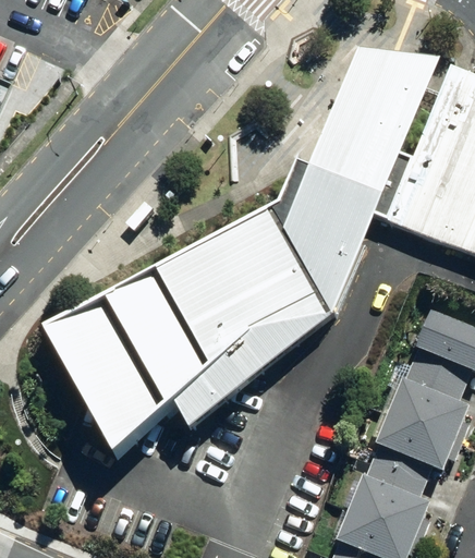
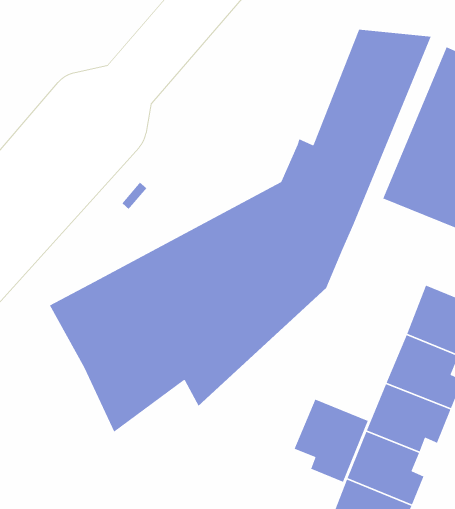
building: none -> [293,398,369,483]

